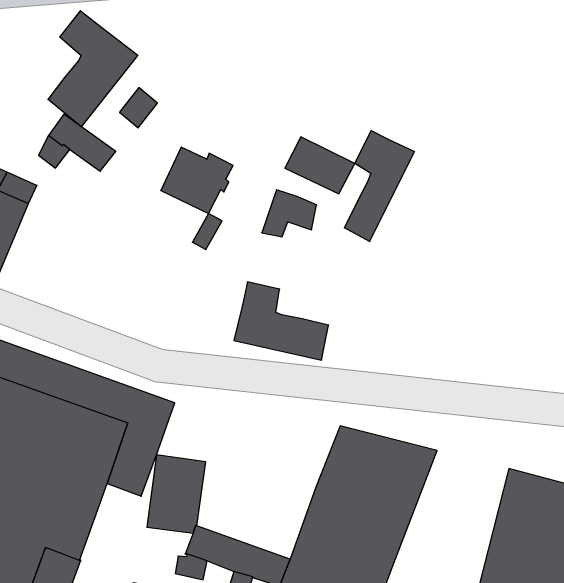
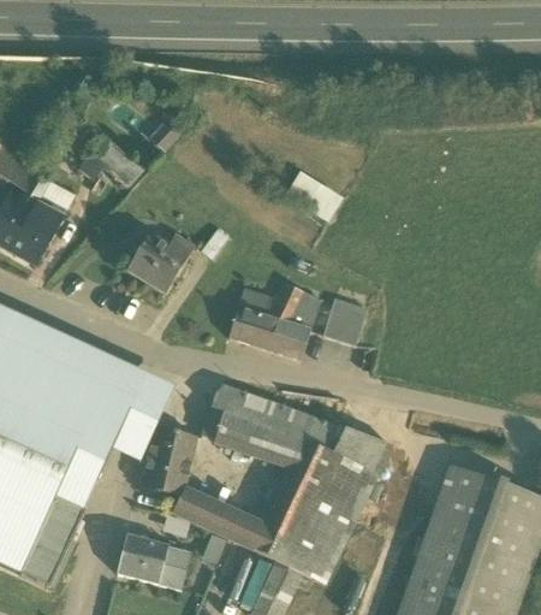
building: [48,11,138,127] -> none
building: [344,131,414,242] -> none
building: [161,147,233,214] -> [127,235,190,292]
building: [262,190,317,237] -> [271,284,319,324]
building: none -> [322,298,367,345]
building: none -> [206,385,311,467]

